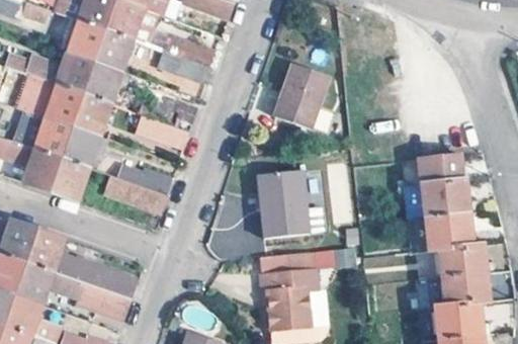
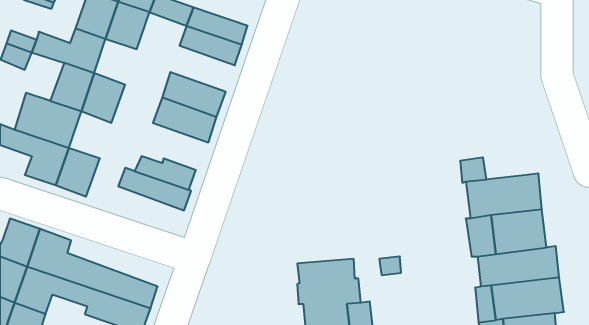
building: [83,61,120,101] -> none
building: [273,63,329,128] -> none
building: [61,124,105,166] -> none
building: [424,156,463,184] -> none
building: [256,174,307,241] -> none

